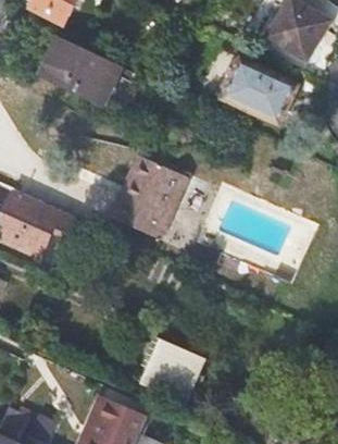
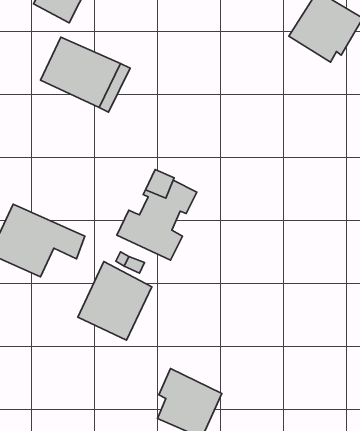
building: [223,58,299,123] -> none
building: none -> [78,262,152,340]

